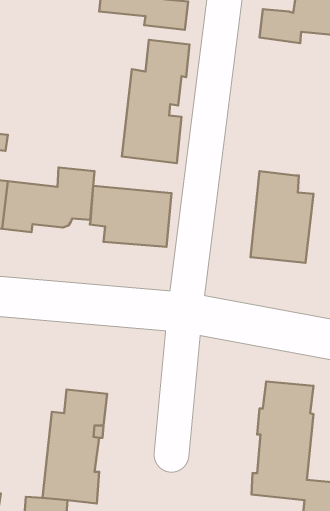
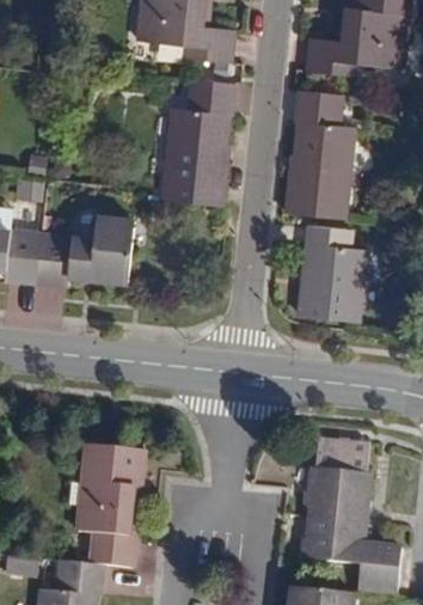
building: none -> [287,91,355,222]
building: [90,186,172,247] -> none

